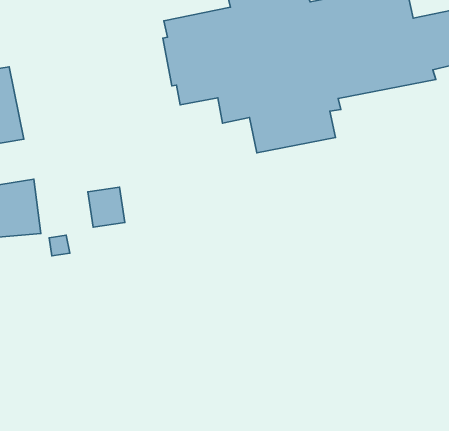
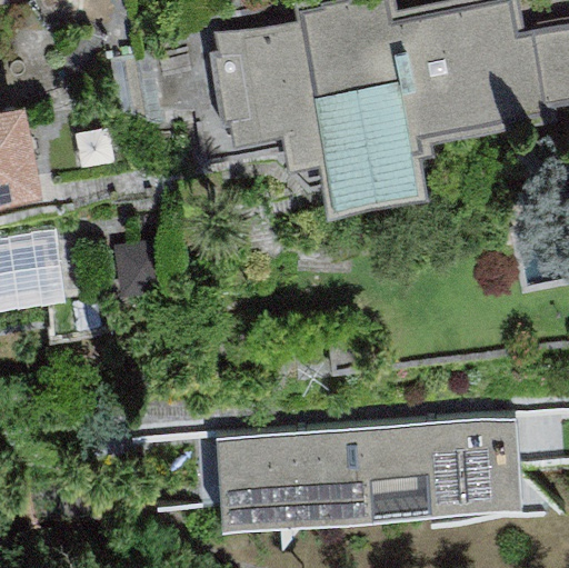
building: none -> [217,420,520,520]

